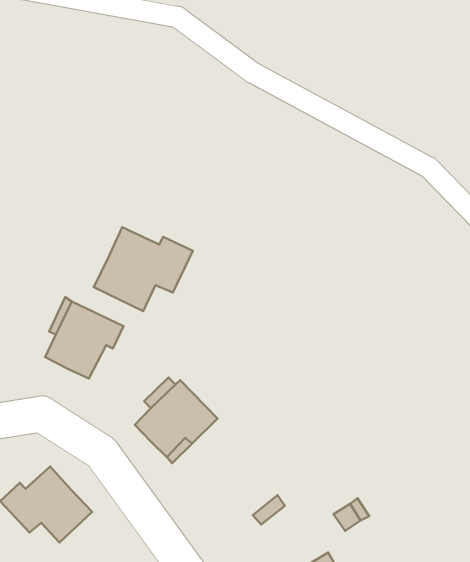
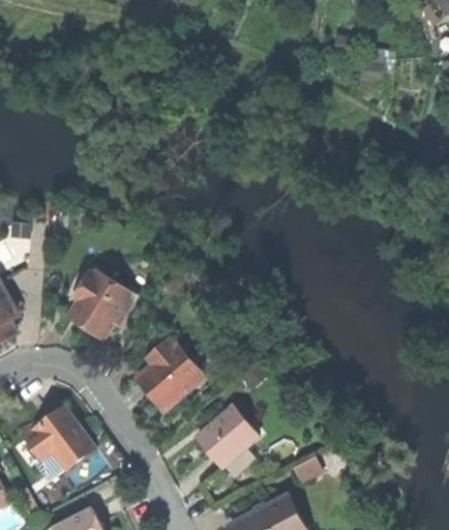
building: [94,227,193,311] -> none
building: none -> [194,404,255,464]

